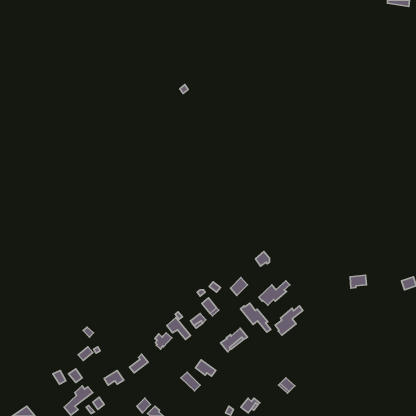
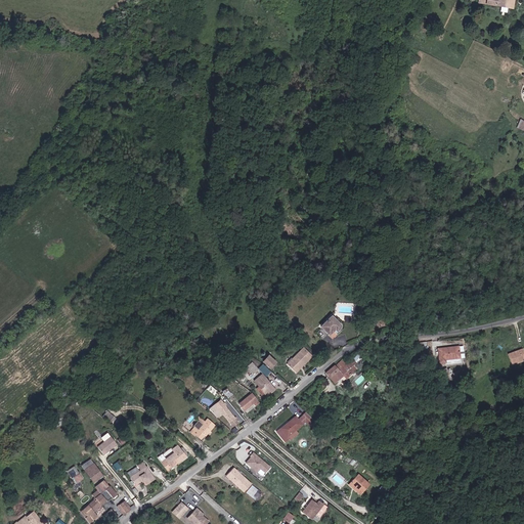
building: [241,303,271,332] -> none
building: [275,306,303,335] -> none

